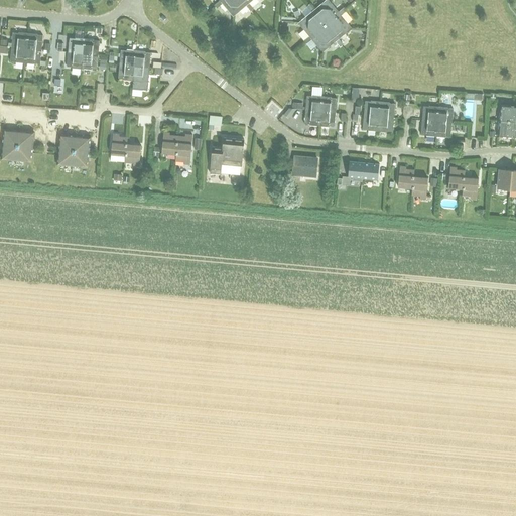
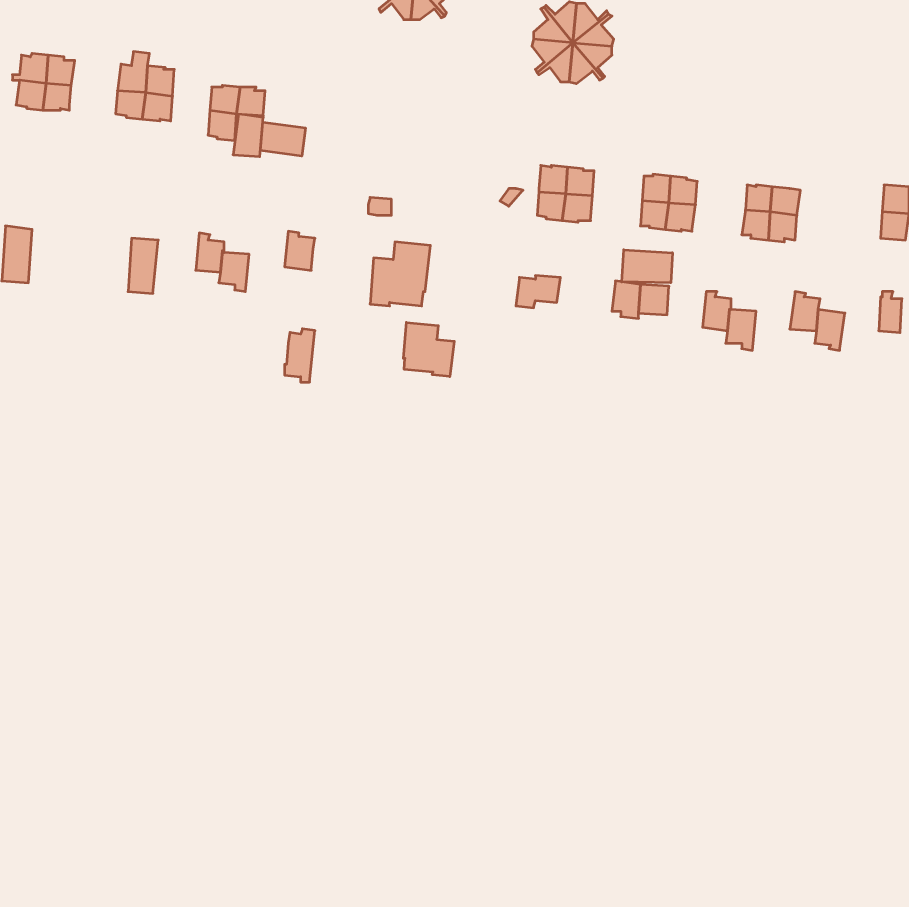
building: none -> [261,122,305,156]
building: [16,130,33,161] -> none
building: [175,133,192,163] -> [285,329,315,382]
building: [57,134,75,165] -> none
building: none -> [622,250,672,283]
building: none -> [403,322,454,377]

